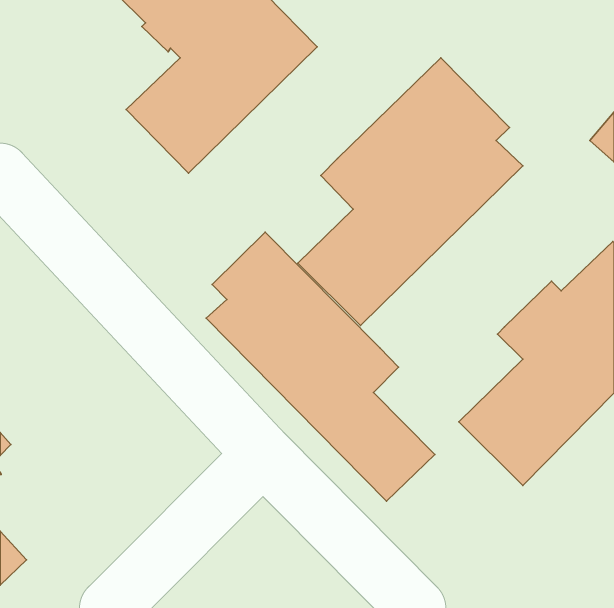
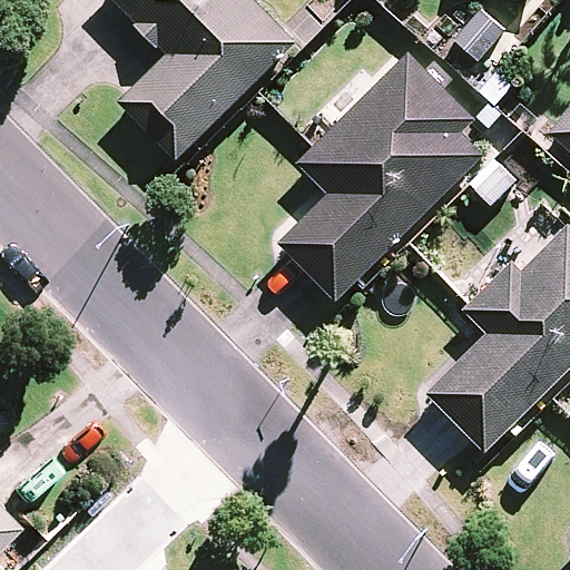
building: [206,232,435,501] -> none

